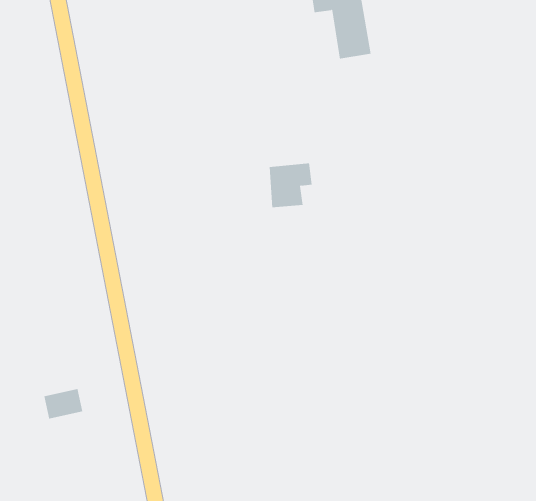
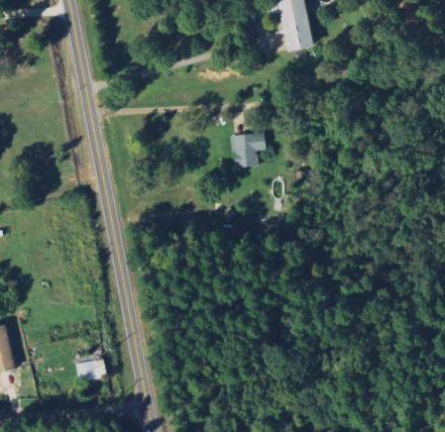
building: [43,389,83,419] -> [75,356,106,381]

